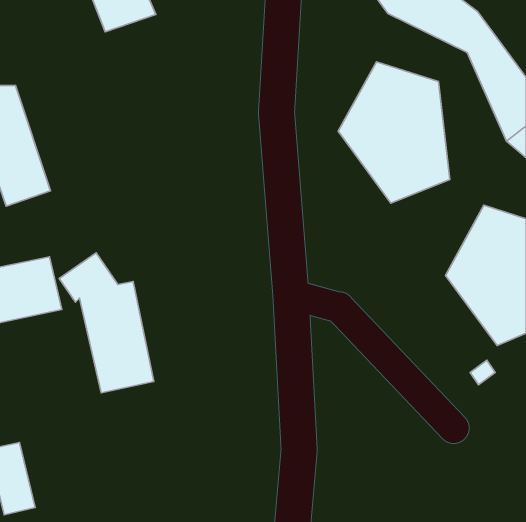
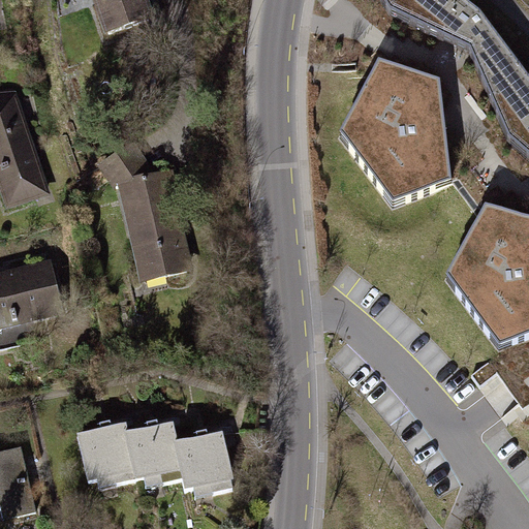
building: [59,253,154,393] -> [97,137,192,278]
building: none -> [76,421,235,493]

